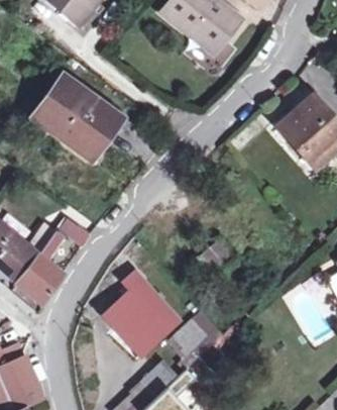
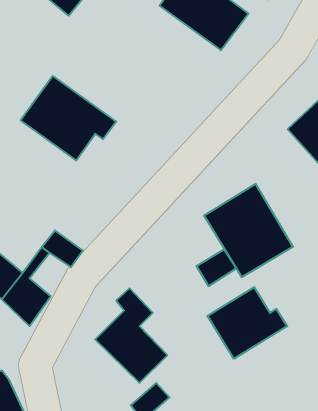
building: none -> [204,184,293,277]
building: none -> [207,287,287,359]

